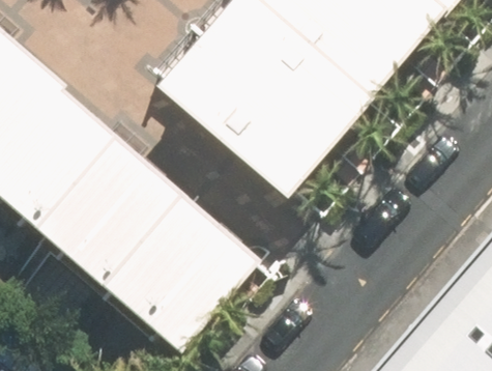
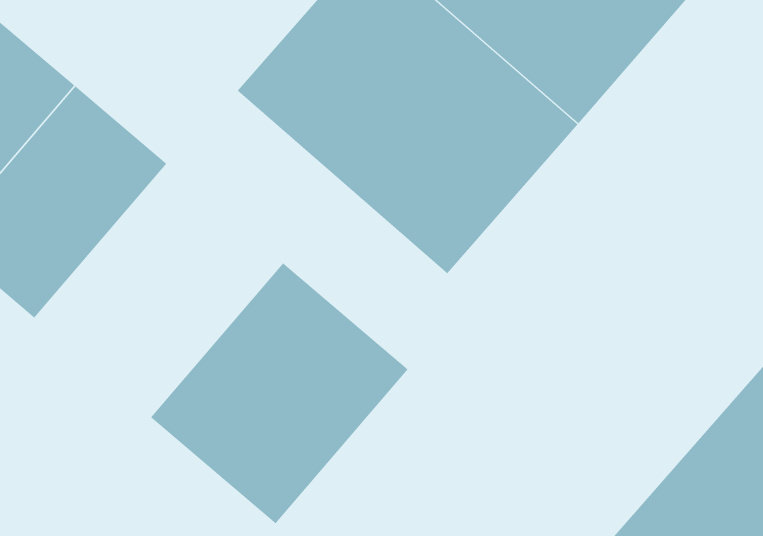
building: [33,131,184,285] -> none

